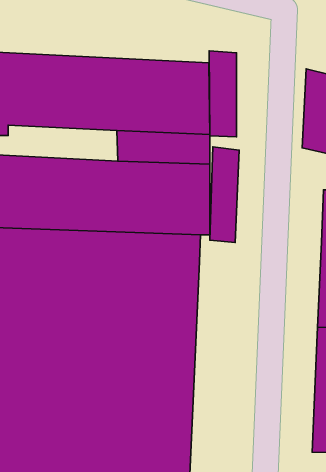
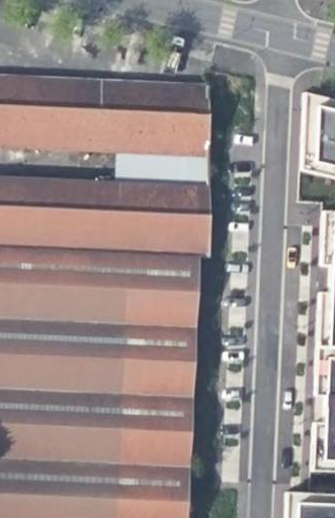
building: [209,51,236,137] -> none
building: [210,147,239,242] -> none

